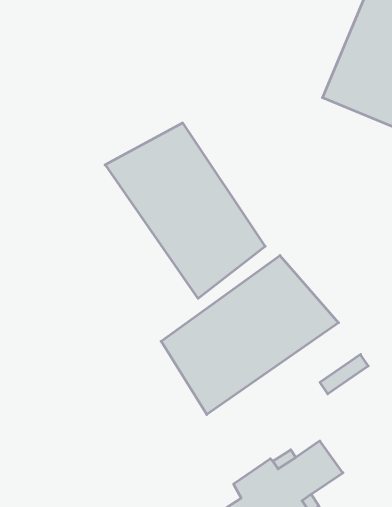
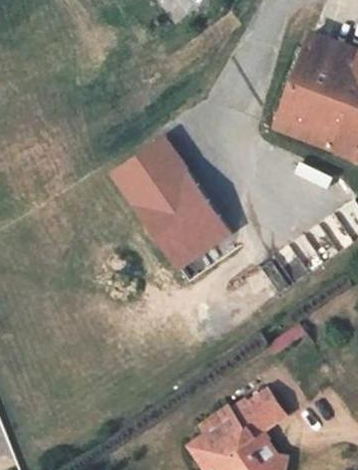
building: [161,255,339,415] -> none

